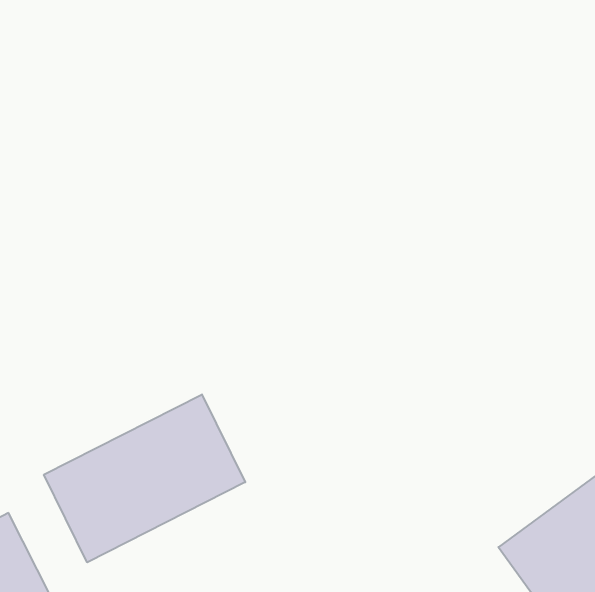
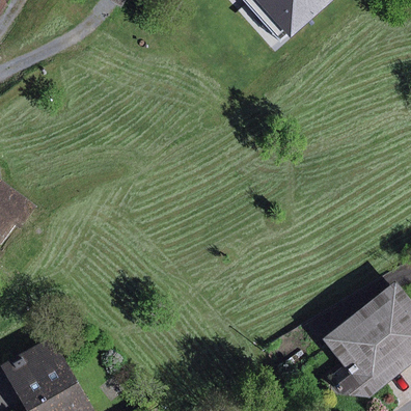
building: [44,394,245,562] -> none

